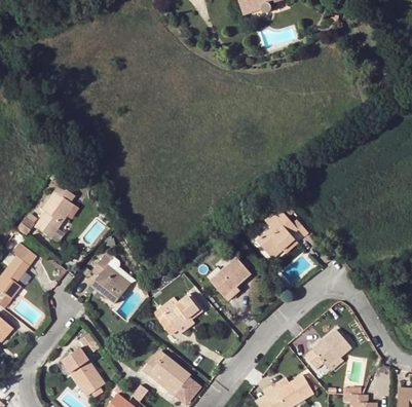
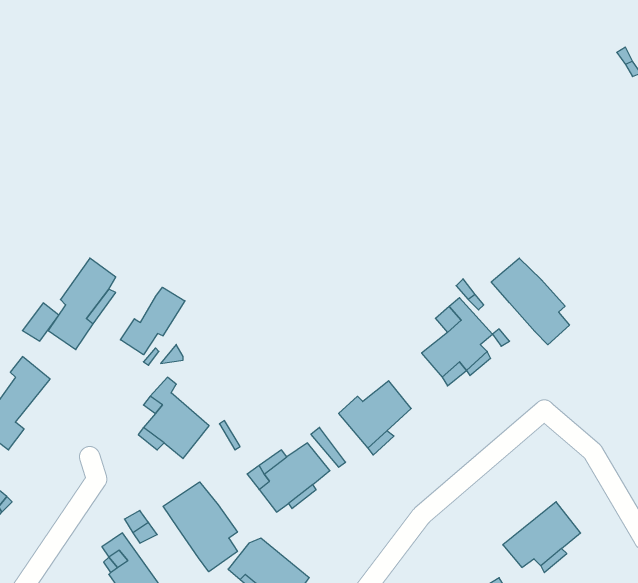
building: none -> [491,258,569,345]
building: none -> [120,287,185,355]
building: none -> [163,482,237,572]

